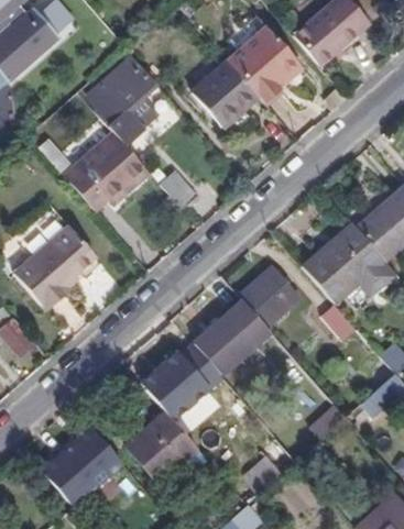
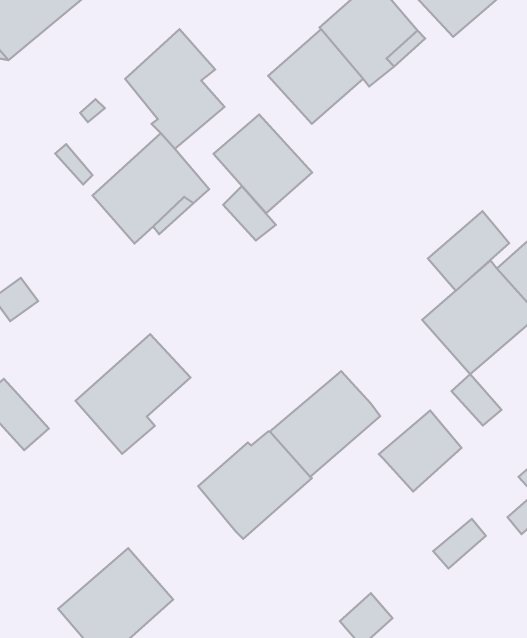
building: none -> [213,115,312,213]
building: none -> [428,211,509,291]
building: [15,223,97,308] -> [75,334,190,454]
building: [240,266,298,323] -> [379,411,461,491]
building: [130,414,212,483] -> none

